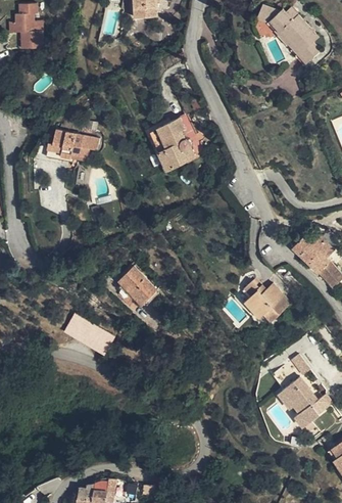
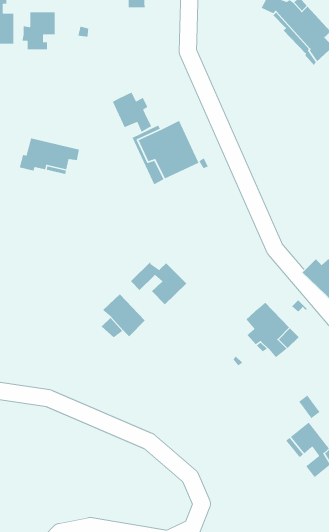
building: none -> [22,11,56,50]
building: none -> [112,91,152,133]
building: none -> [130,261,187,305]
building: [64,314,114,355] -> none

